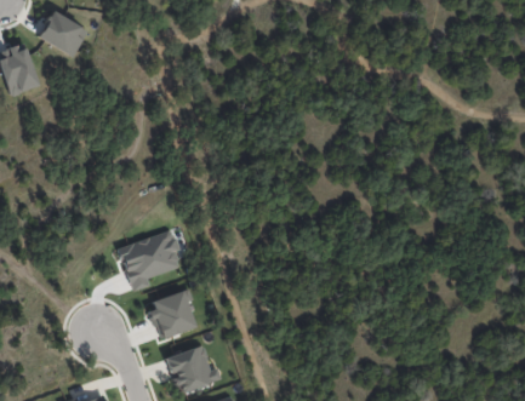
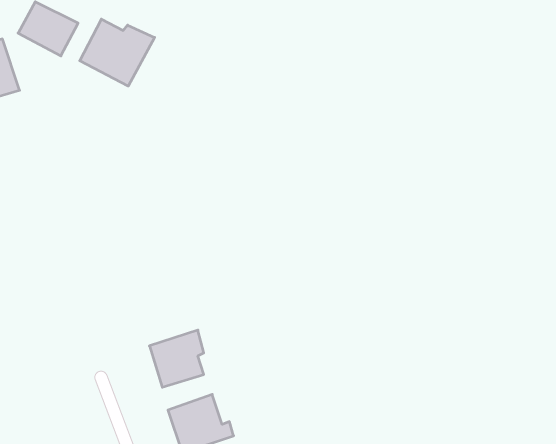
building: none -> [80,19,155,86]
building: [118,230,181,291] -> none

